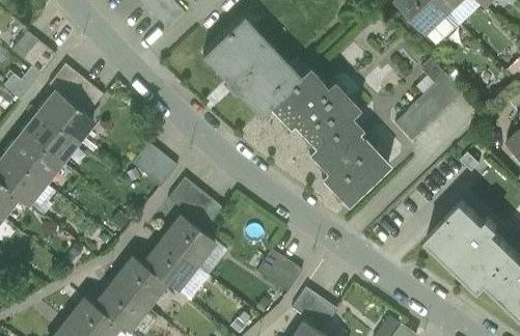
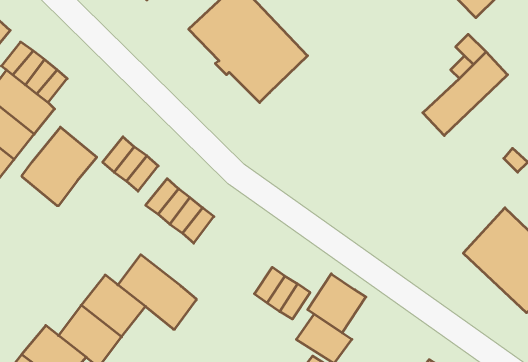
building: [270,68,388,202] -> none
building: none -> [22,127,97,206]
building: [163,217,214,265] -> none
building: none -> [308,274,366,333]

